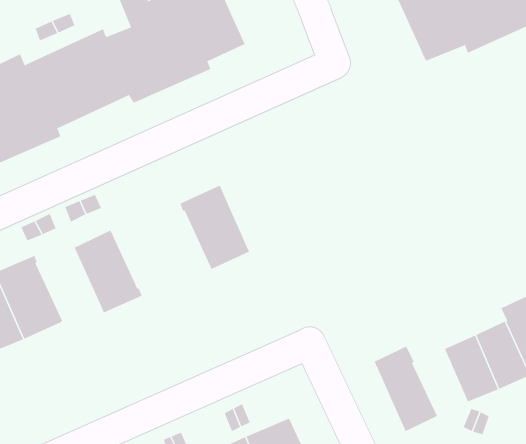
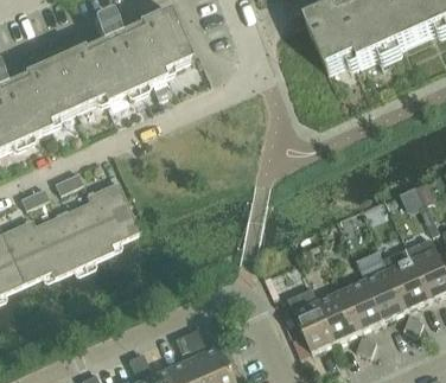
building: [180,185,250,269] -> [85,179,139,243]
building: none -> [32,212,83,275]
building: none -> [318,289,359,340]

